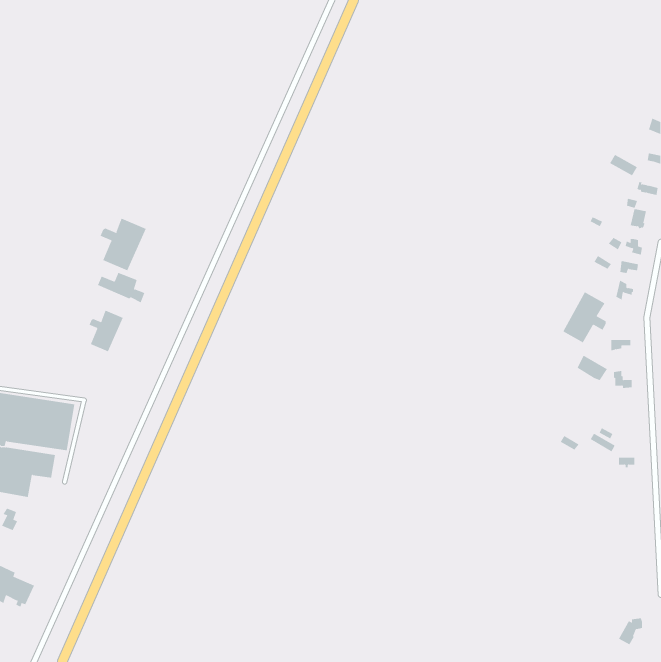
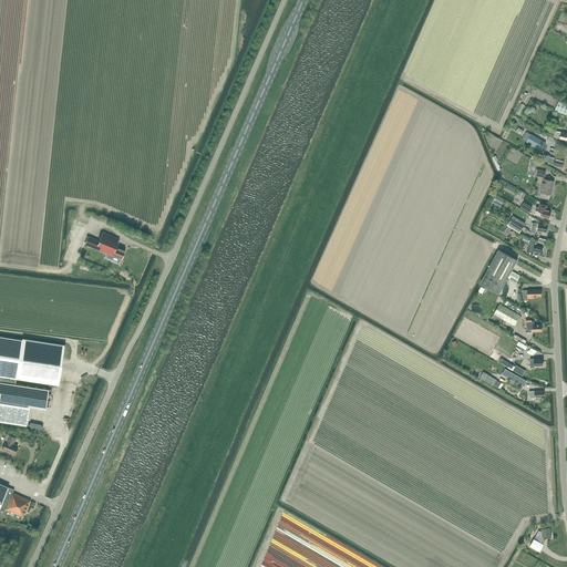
building: [100,218,146,271] -> none
building: [89,310,123,352] -> none

